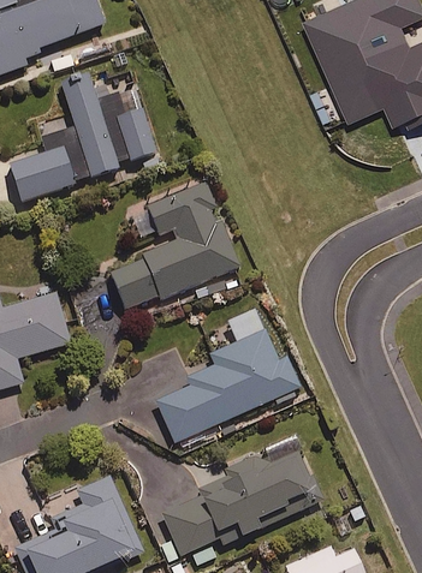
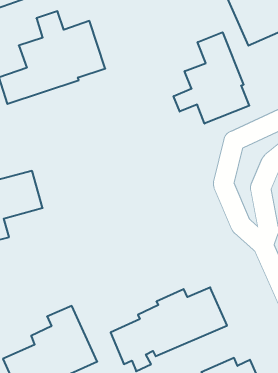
building: none -> [174,32,249,124]
building: [108,183,238,312] -> none
building: [153,309,299,444] -> none

